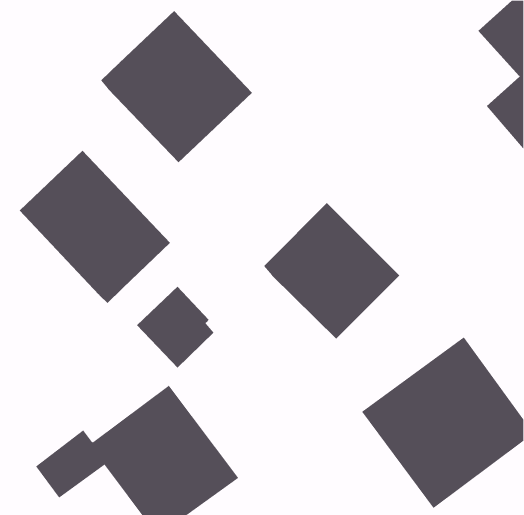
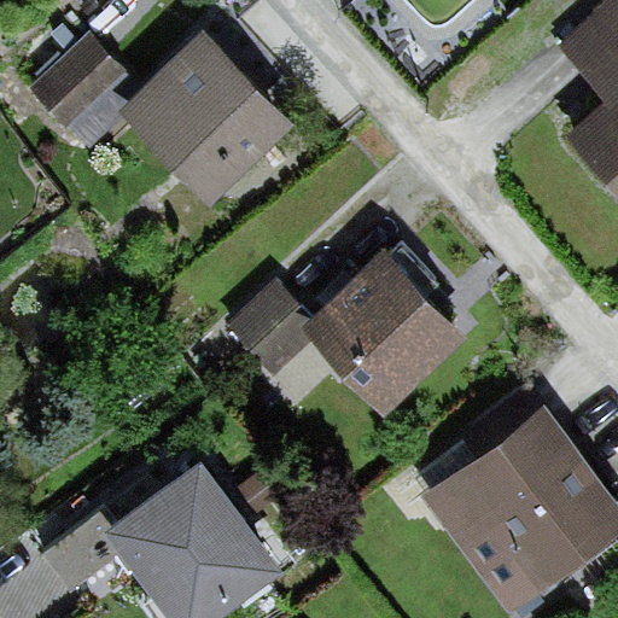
building: none -> [31,37,139,150]
building: [19,150,171,304] -> none
building: [136,286,215,368] -> [226,282,317,379]

